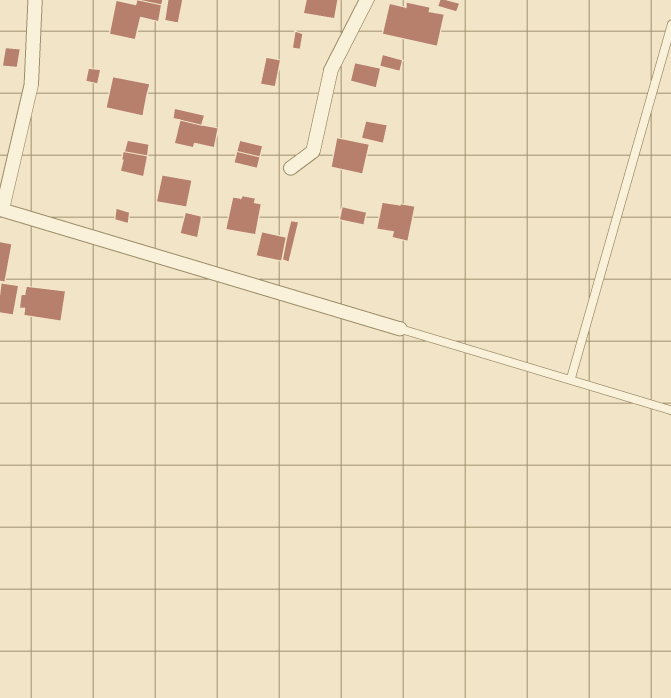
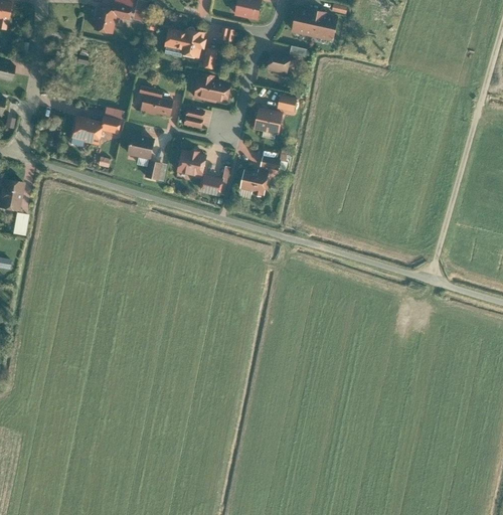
building: none -> [166,28,206,56]
building: [106,77,150,116] -> [71,118,104,146]
building: none -> [194,73,231,102]
building: [376,203,415,241] -> [240,169,269,197]
building: [19,286,66,321] -> none

